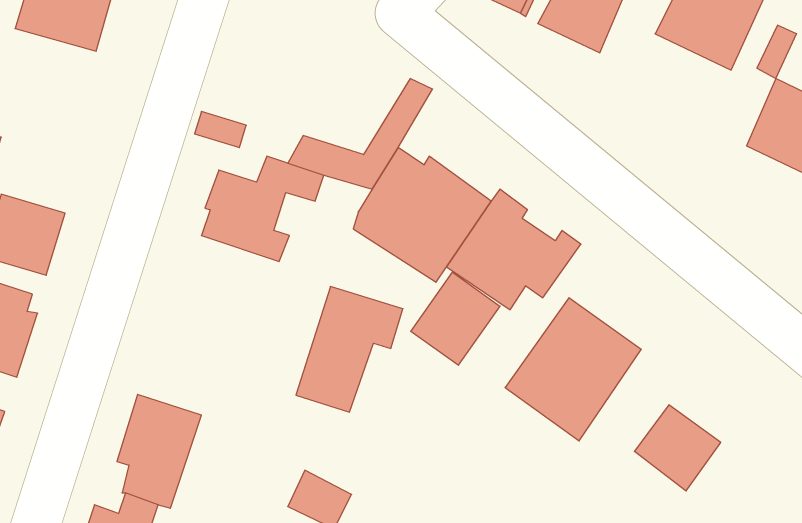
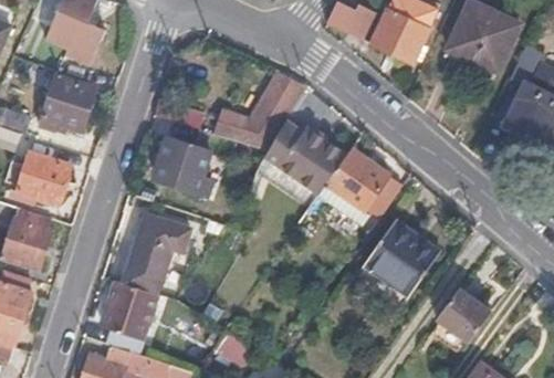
building: none -> [39,73,95,130]
building: [411,272,500,365] -> none
building: [296,286,403,412] -> [123,212,191,293]

